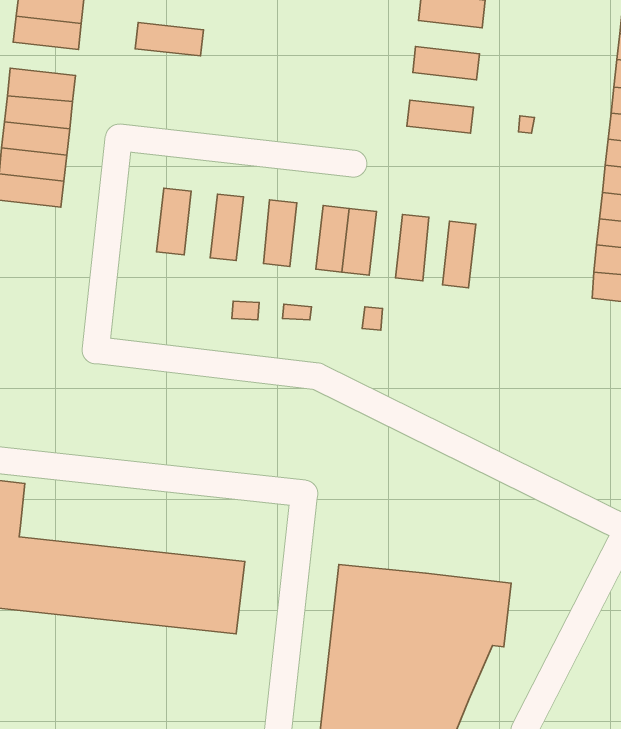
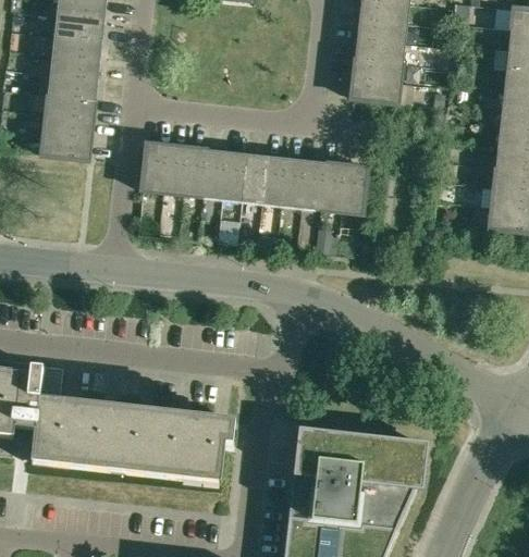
building: none -> [356,17,406,42]
building: [135,23,203,56] -> [51,34,102,59]
building: none -> [352,57,402,83]
building: none -> [142,141,167,191]
building: none -> [182,146,207,196]
building: none -> [221,150,246,200]
building: none -> [261,154,286,205]
building: [442,221,476,288] -> [321,161,346,211]

